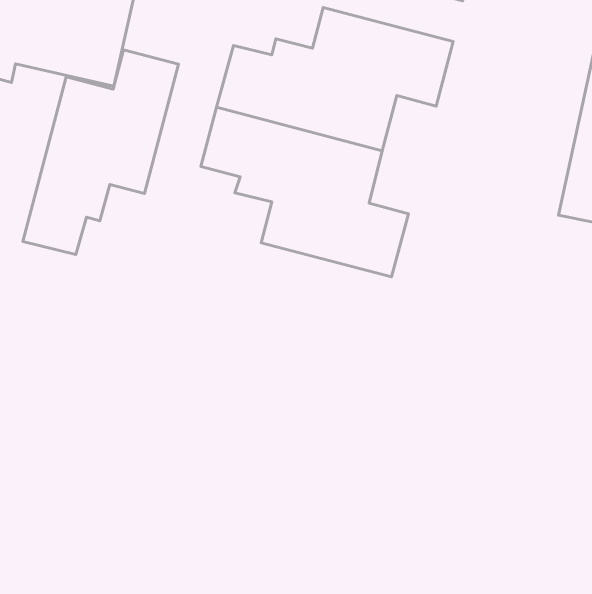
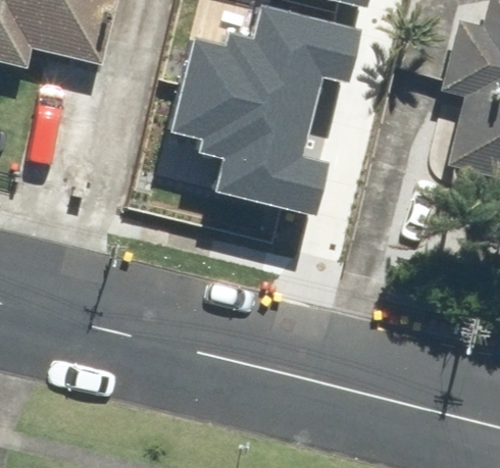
building: [23,50,178,255] -> none

